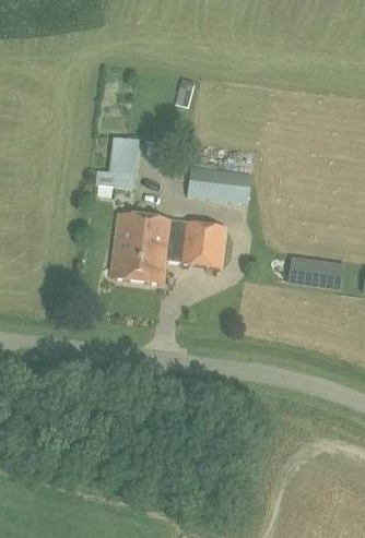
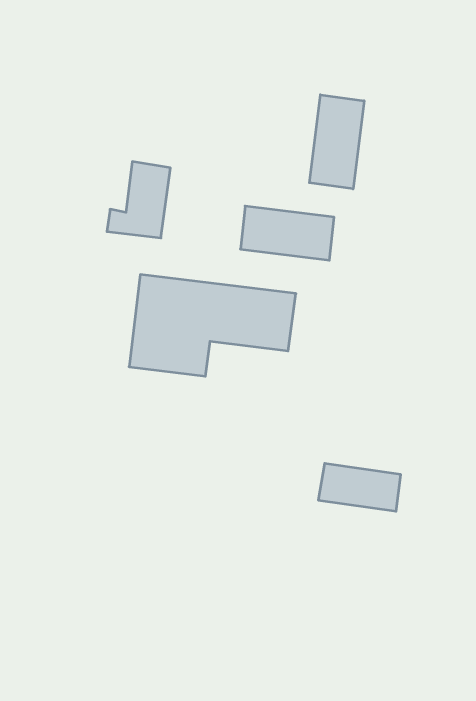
building: none -> [309,95,364,189]
building: [286,255,343,288] -> [318,463,401,511]

